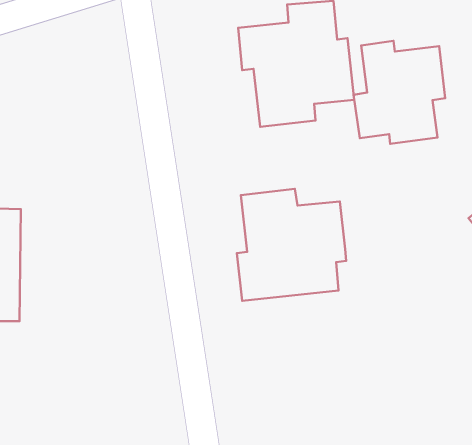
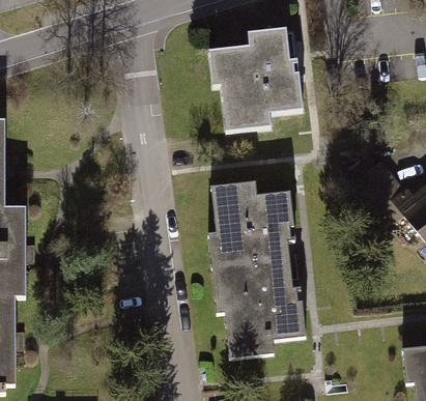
building: [354,41,445,144] -> none
building: none -> [212,262,306,357]

